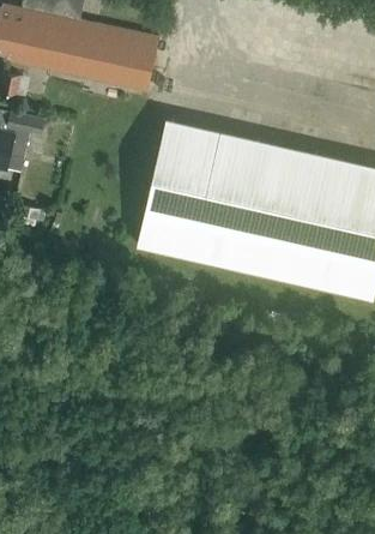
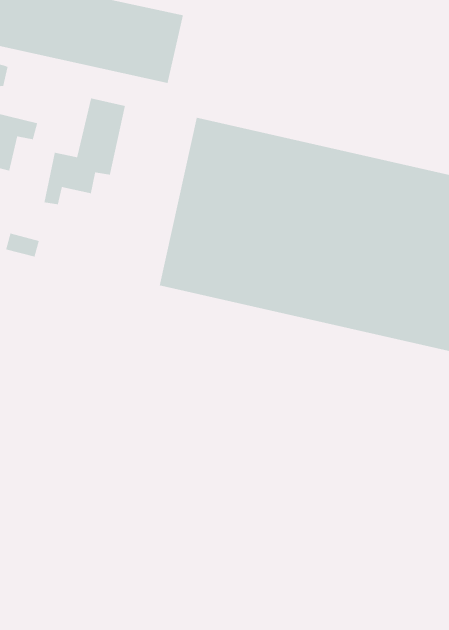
building: none -> [44,98,126,205]

